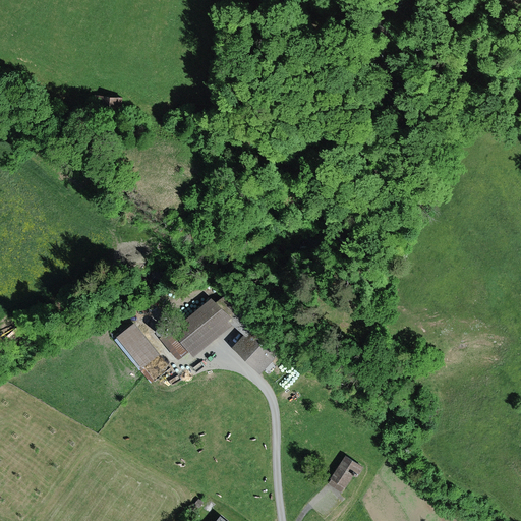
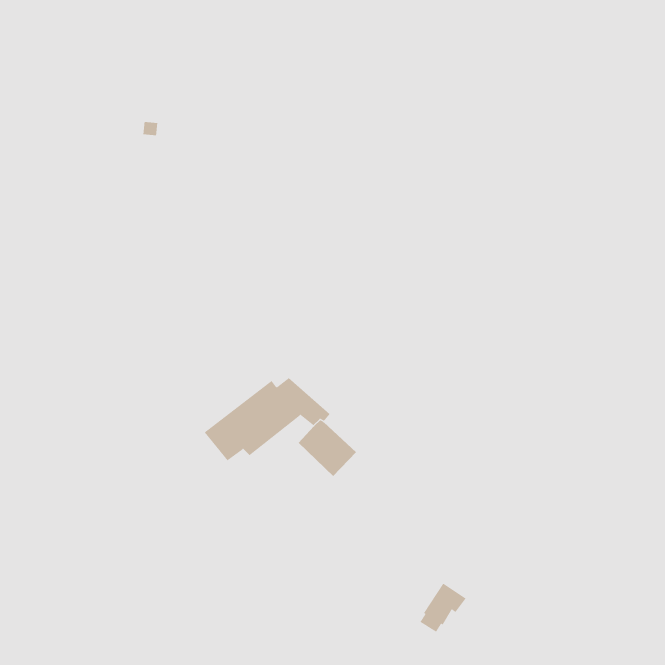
building: [113,324,160,371] -> none

